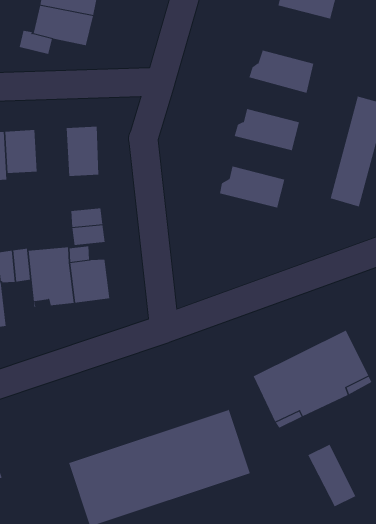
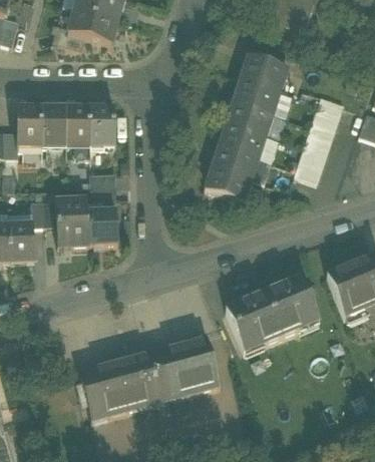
building: none -> [233,75,281,112]
building: none -> [66,106,90,139]
building: none -> [219,120,267,156]
building: none -> [204,164,253,201]
building: [307,444,356,507] -> none

